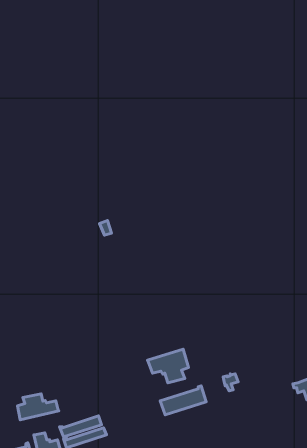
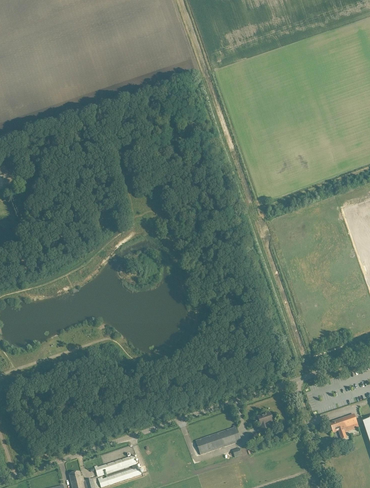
building: [148,349,188,383] -> none
building: [17,394,59,420] -> none

